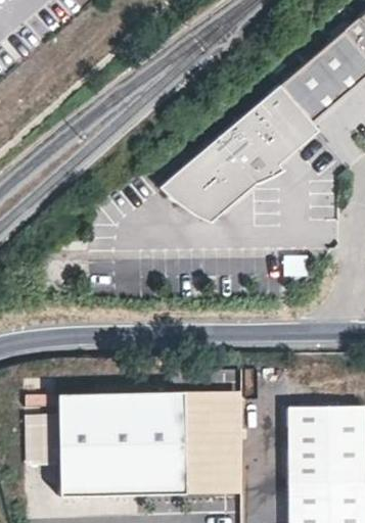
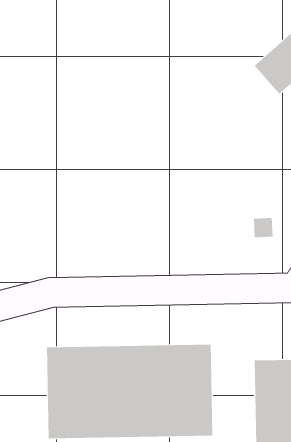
building: [162,84,322,219] -> none

